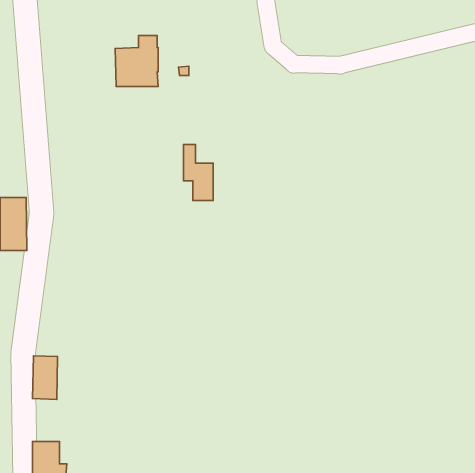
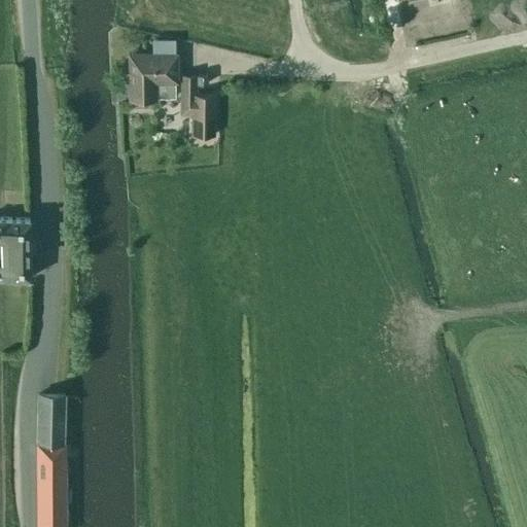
building: [183,145,213,200] -> [181,76,214,138]
building: none -> [36,445,74,491]

